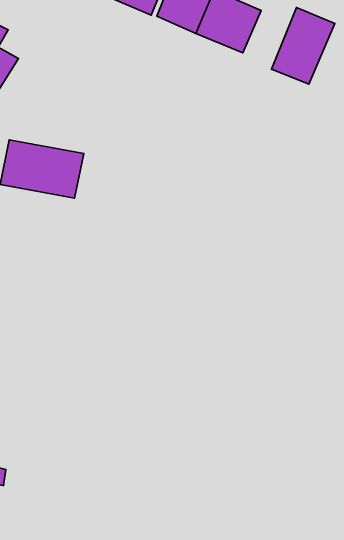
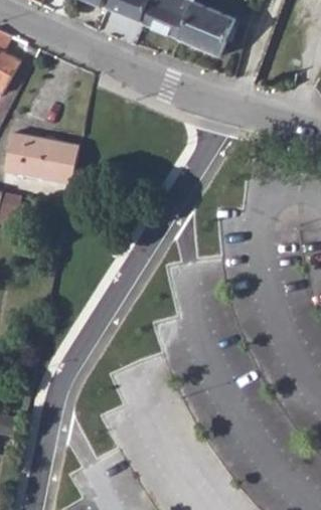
building: [272,8,335,84] -> none

